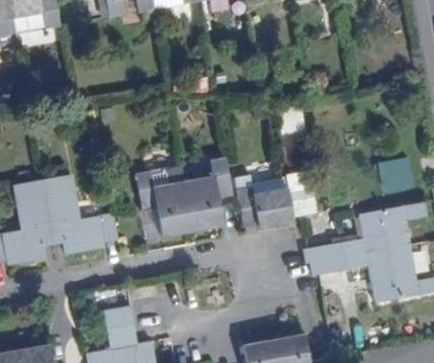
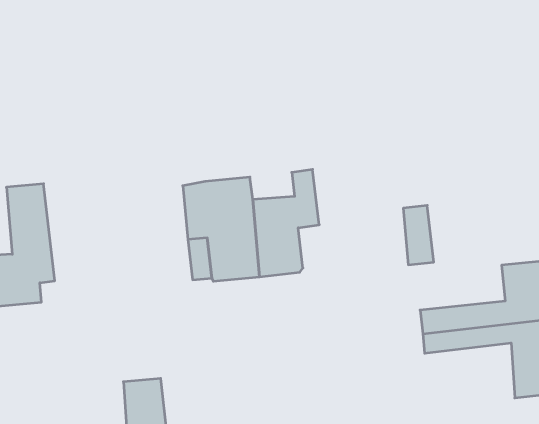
building: [41,174,118,256] -> none
building: [235,176,293,229] -> none

